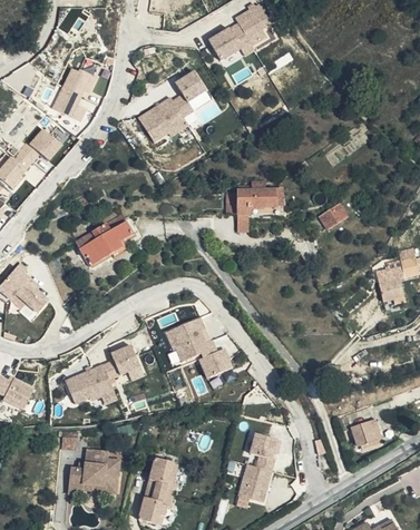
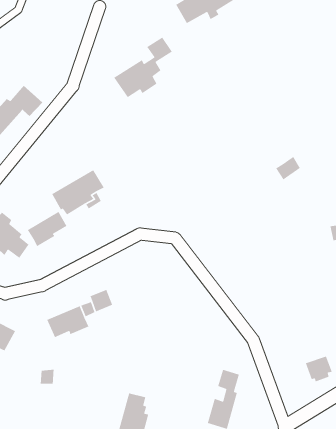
building: [55,69,97,120] -> none
building: [237,189,274,214] -> none
building: none -> [27,211,67,247]
building: [166,320,231,377] -> none
building: [70,449,120,490] -> none

